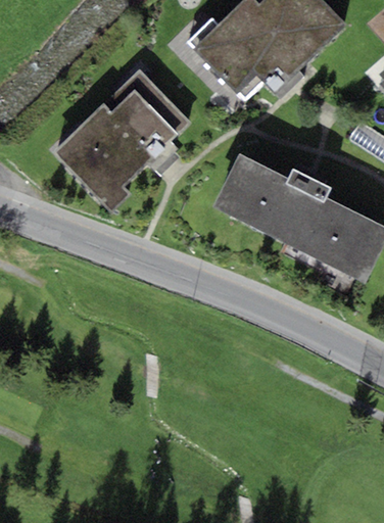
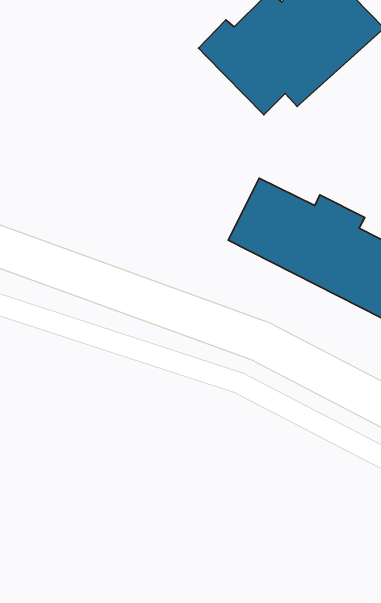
building: [54,67,191,210] -> none

